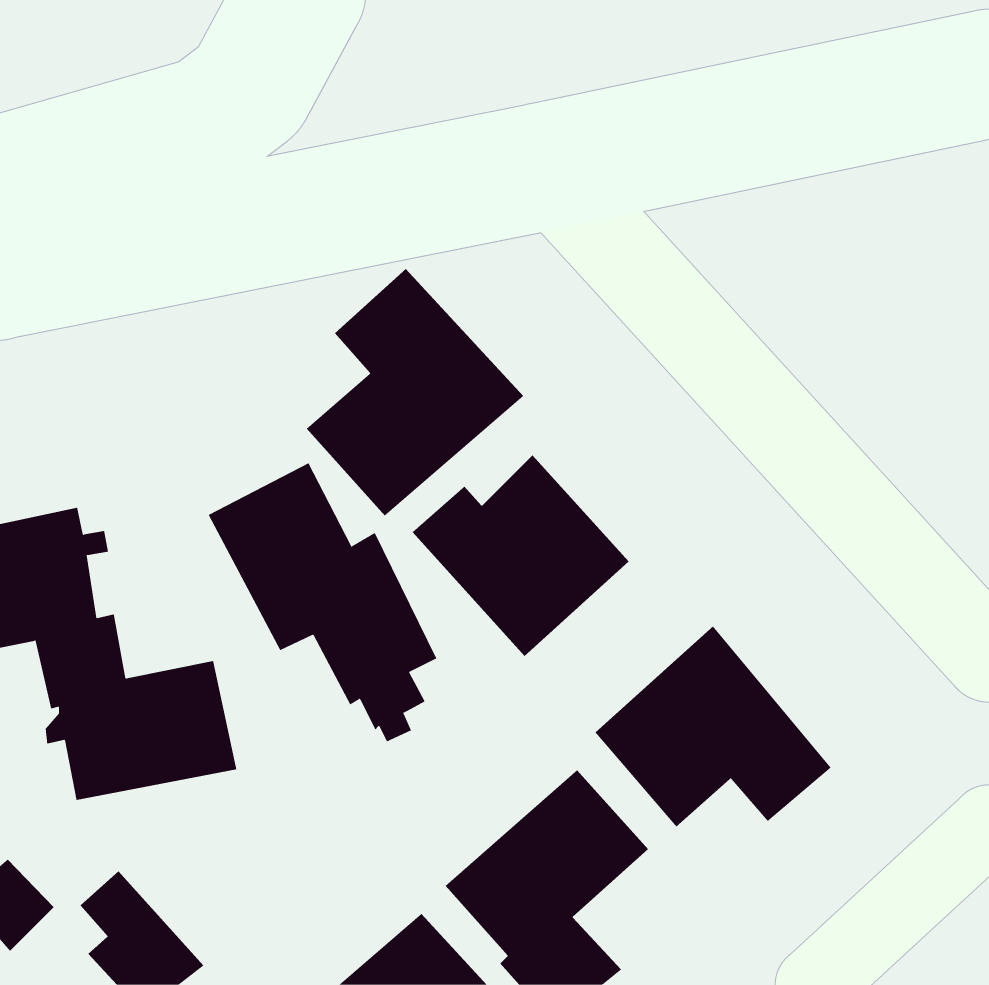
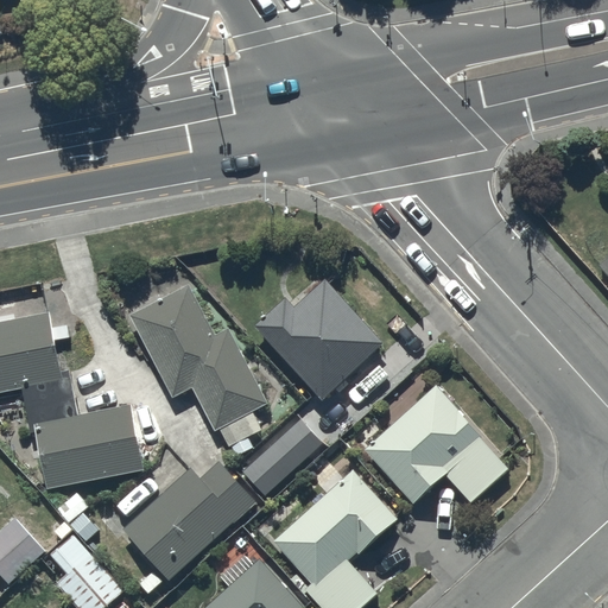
building: [306,268,524,517] -> none
building: none -> [240,418,322,495]
building: none -> [120,462,256,593]

